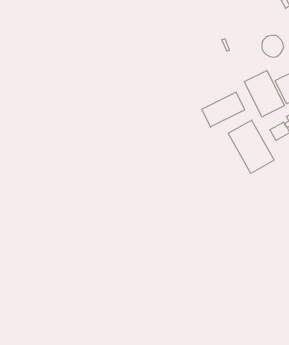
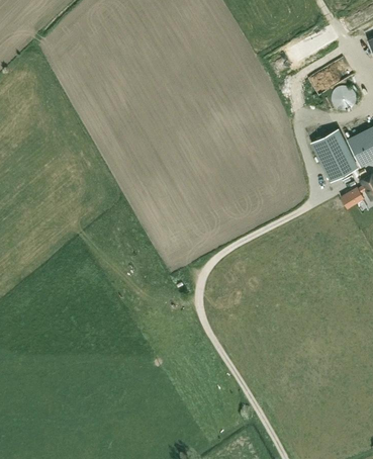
building: [202,92,245,127] -> none
building: [228,120,274,173] -> none

